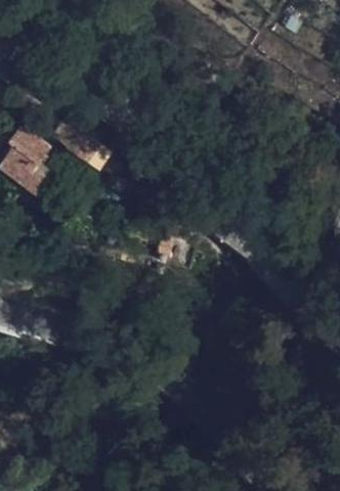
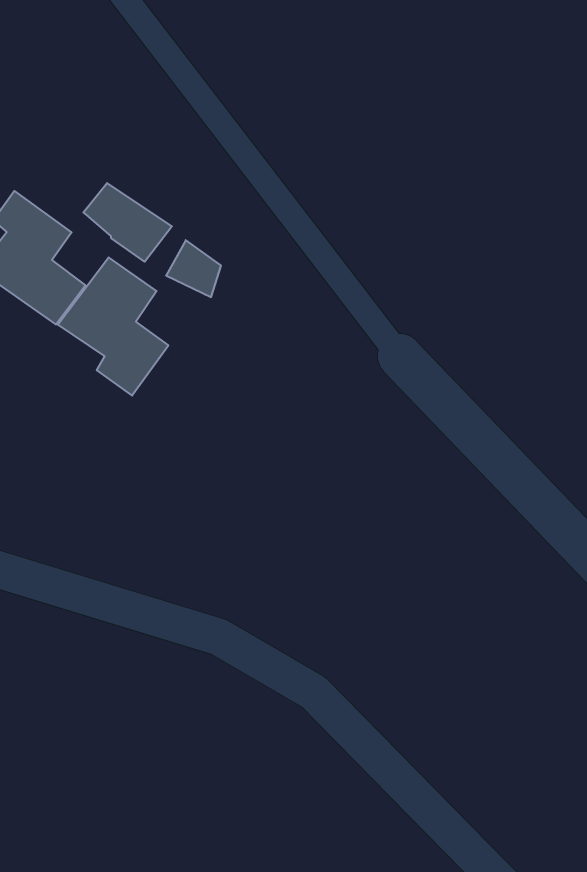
building: none -> [58,257,168,396]

